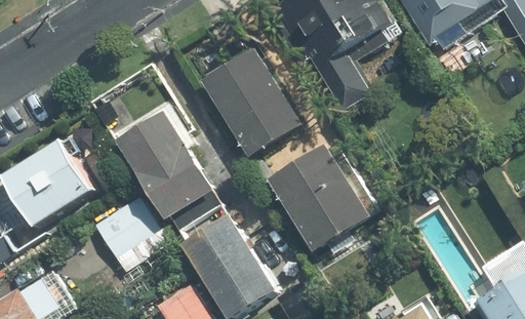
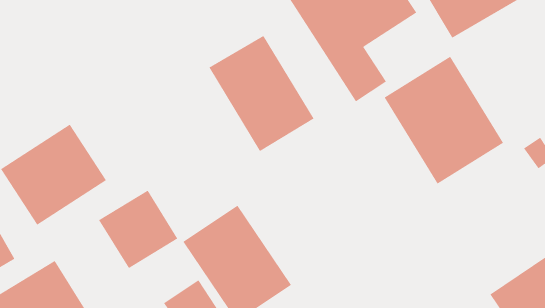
building: none -> [384,56,504,185]
building: [111,106,215,224] -> none
building: [265,143,373,256] -> none

